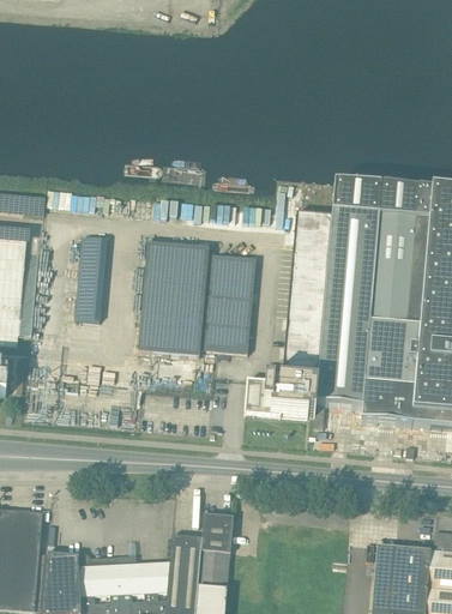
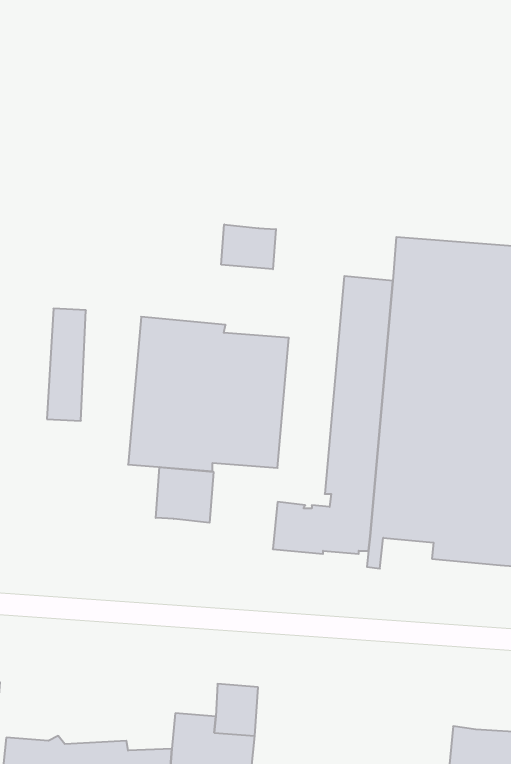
building: none -> [221,224,276,269]
building: none -> [156,467,213,523]

